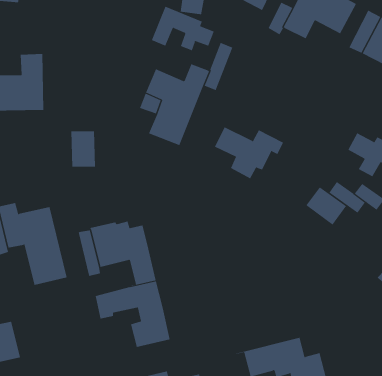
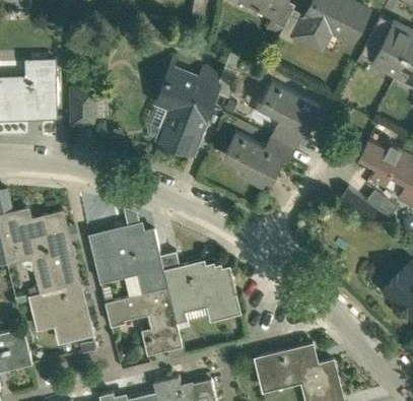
building: [151,6,215,51] -> none
building: none -> [261,83,321,150]
building: [71,131,96,167] -> [71,88,96,125]
building: [305,186,347,226] -> none
building: none -> [160,253,242,323]
building: none -> [29,285,90,343]

